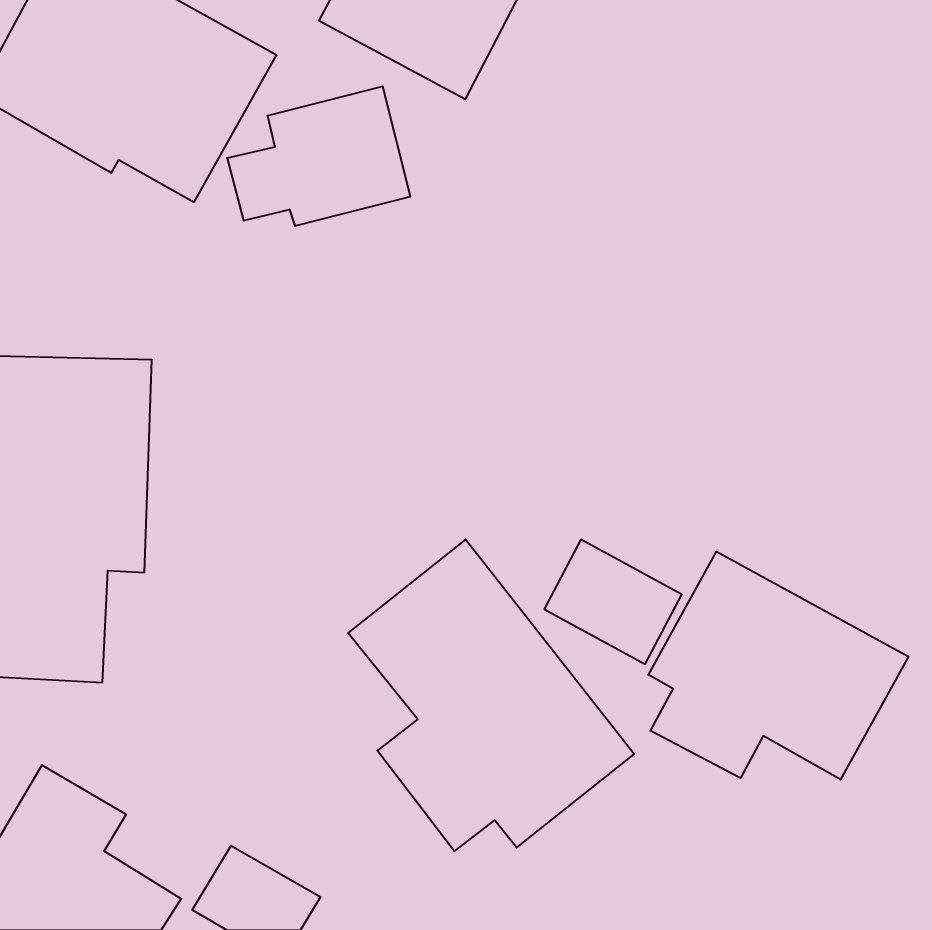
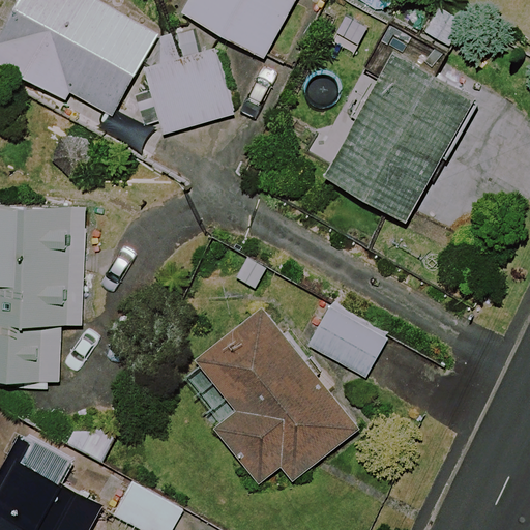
building: none -> [327,55,474,220]
building: [648,552,908,780] -> none

